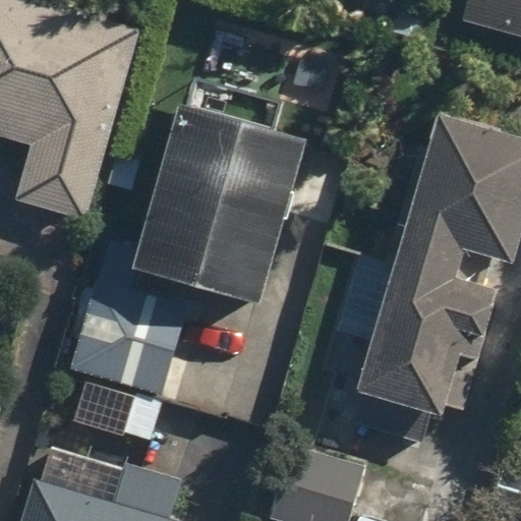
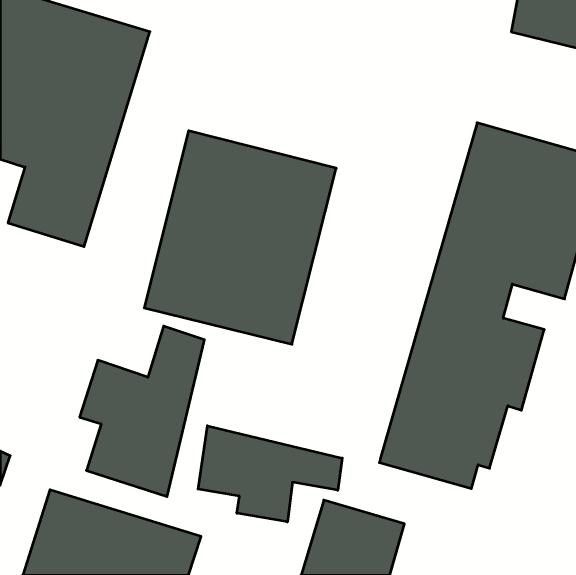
building: none -> [198,426,342,522]

